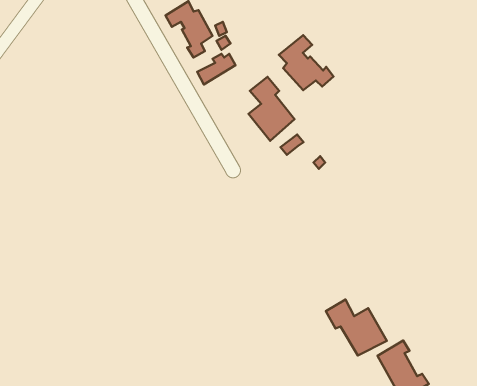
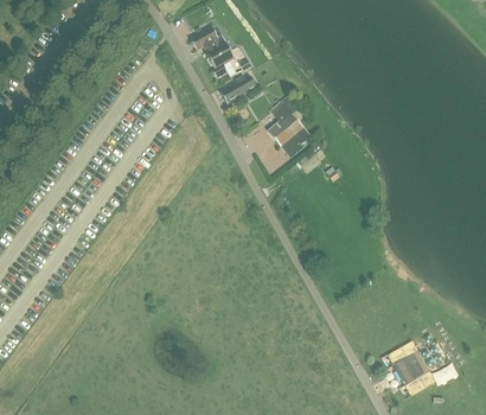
building: [279,35,334,90] -> none
building: [326,300,387,355] -> none

